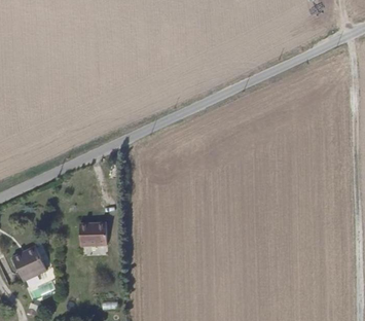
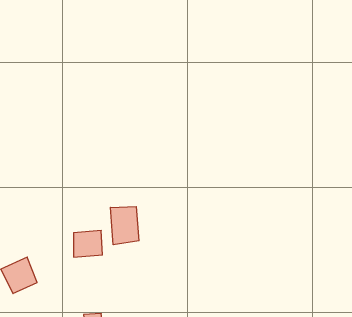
building: none -> [110,207,139,245]

